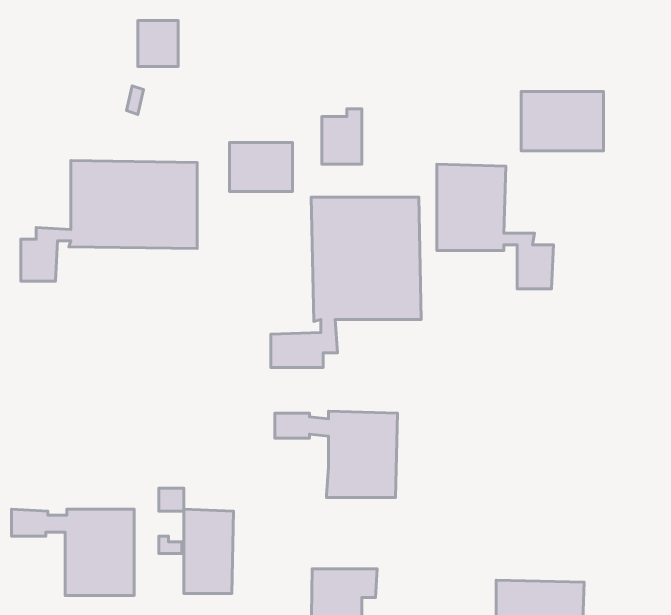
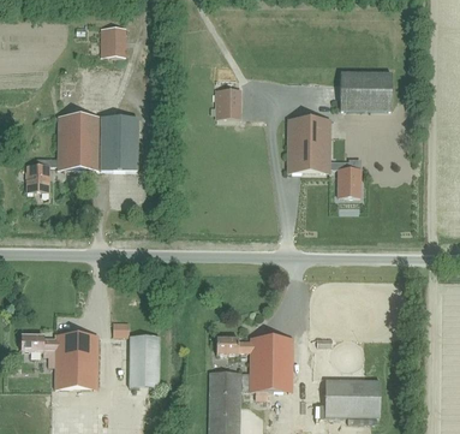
building: [230,142,292,192] -> none
building: [271,197,421,368] -> none
building: [275,411,398,497] -> [216,337,293,391]

